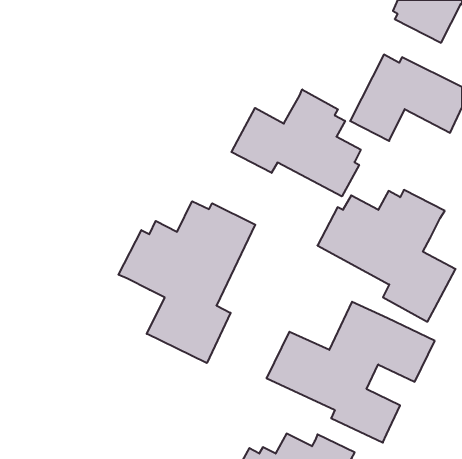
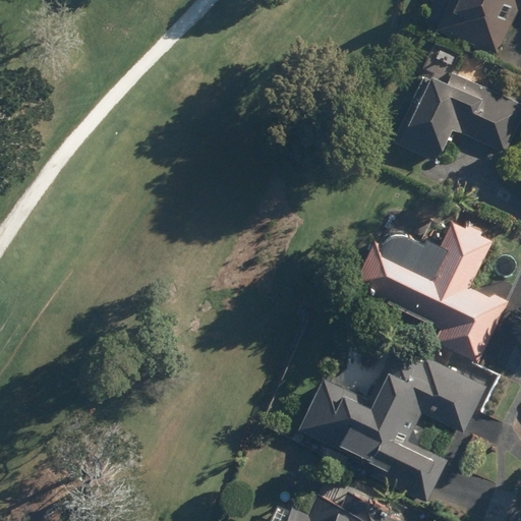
building: [231,89,361,196] -> none
building: [118,201,255,363] -> none

